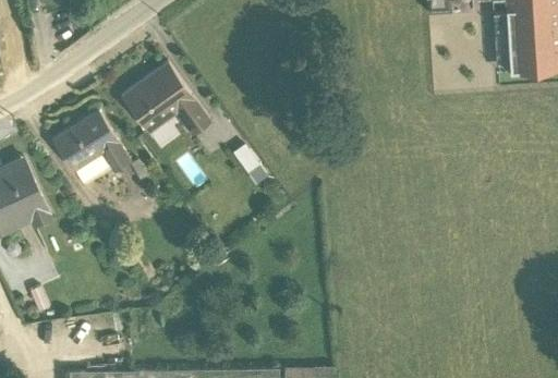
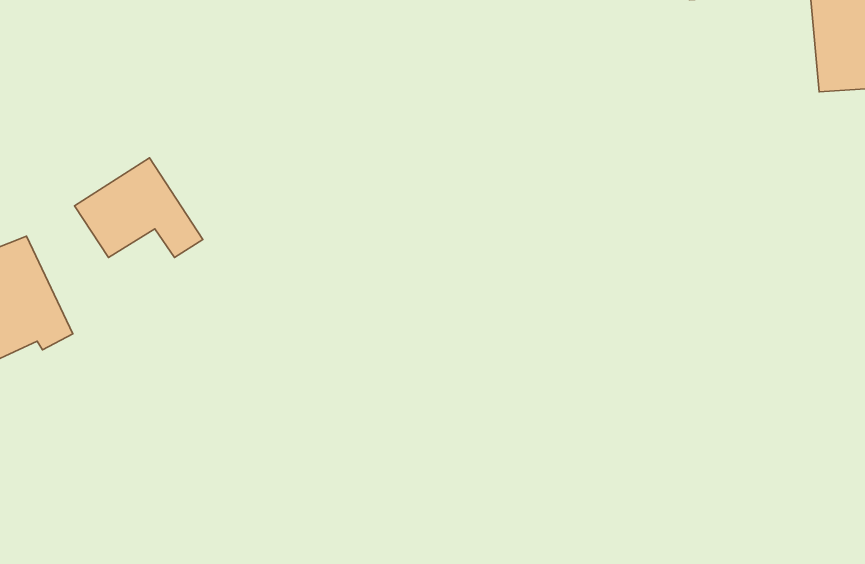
building: [120,59,209,133] -> none

